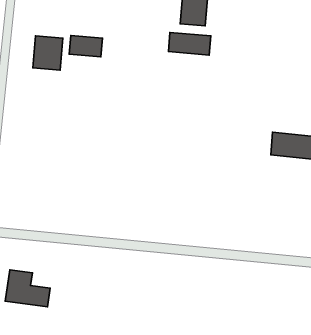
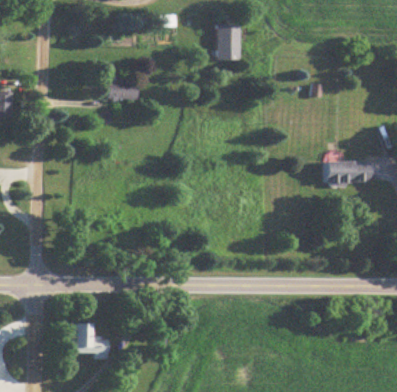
building: [168,33,211,55] -> none
building: [33,36,63,70] -> none

